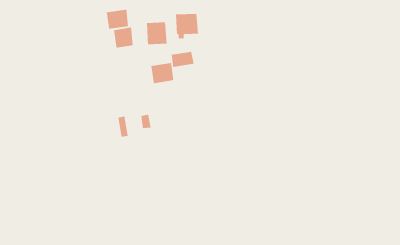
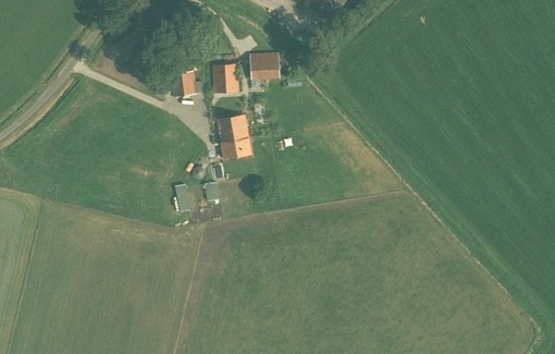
building: [106,9,129,29] -> none
building: [171,51,195,67] -> [221,138,251,159]

